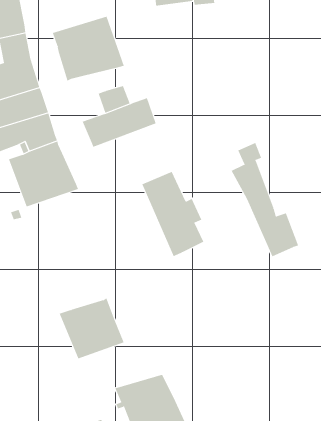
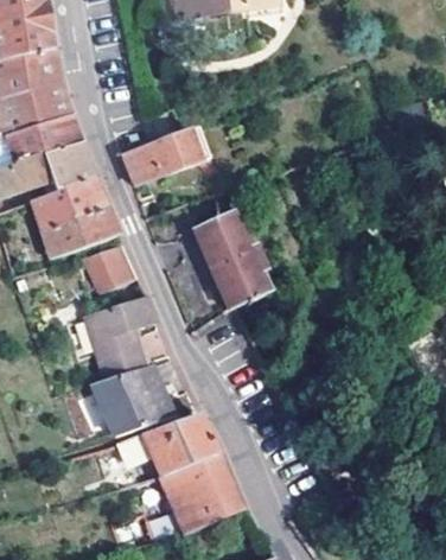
building: [52,16,124,81] -> none
building: [231,142,299,257] -> none
building: none -> [88,244,136,293]
building: none -> [87,295,157,377]
building: none -> [119,413,216,471]

